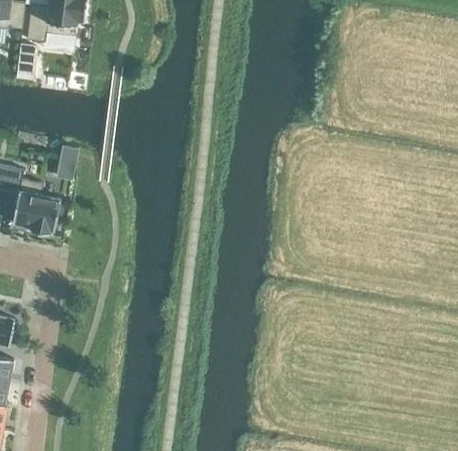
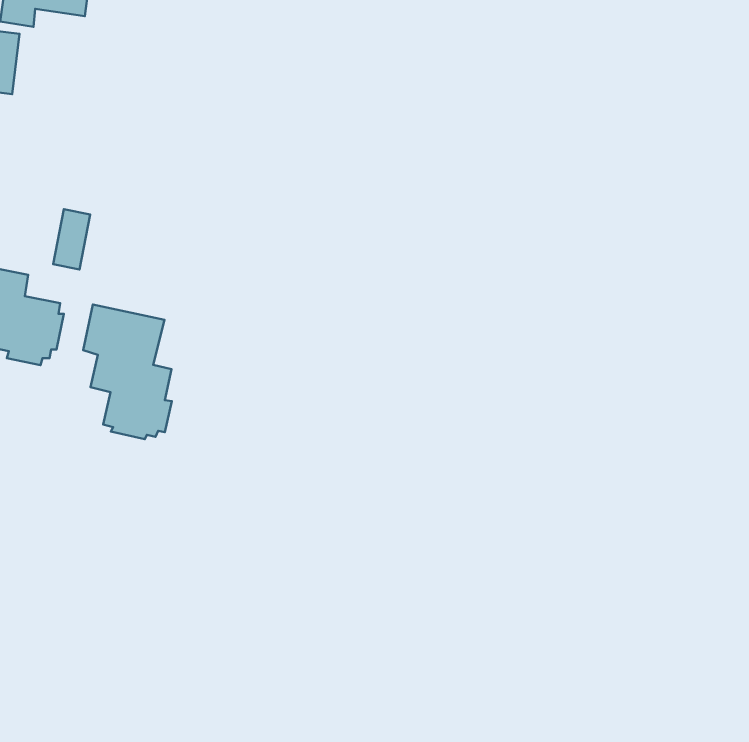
building: none -> [83,305,172,439]

